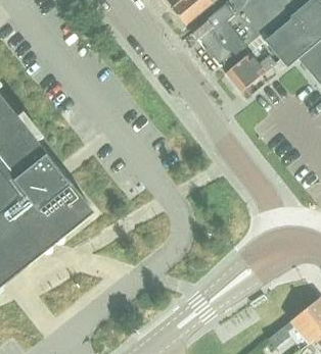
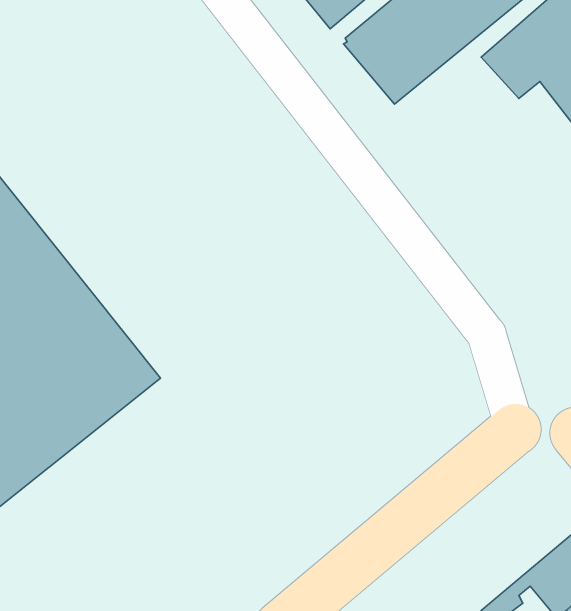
building: [219,43,275,90] -> none

